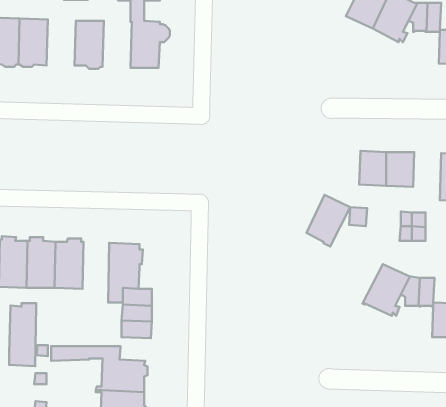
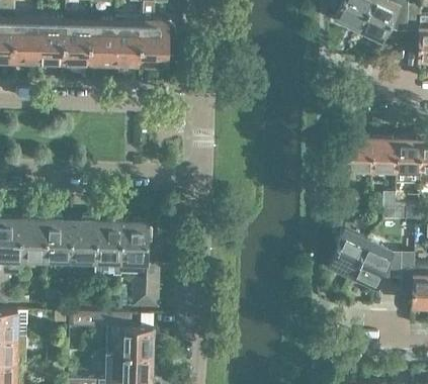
building: none -> [64,21,90,65]
building: none -> [114,22,141,66]
building: none -> [395,140,420,184]
building: [307,195,350,246] -> [328,230,367,277]
building: [9,303,36,366] -> [96,219,120,276]

